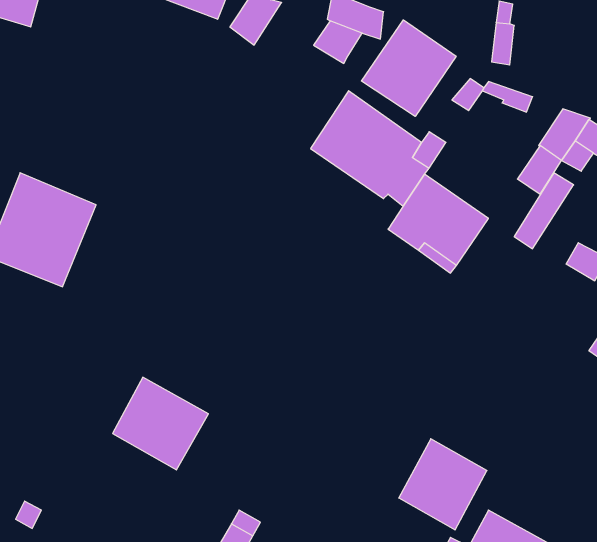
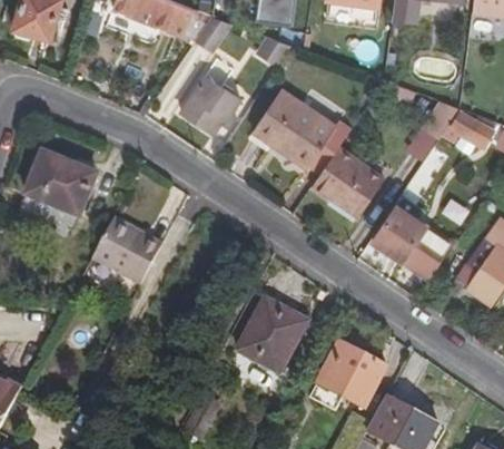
building: [361,20,456,116] -> none
building: none -> [180,76,240,134]
building: none -> [373,205,454,280]
building: none -> [236,294,308,373]
building: [113,377,208,470] -> [91,216,161,284]

